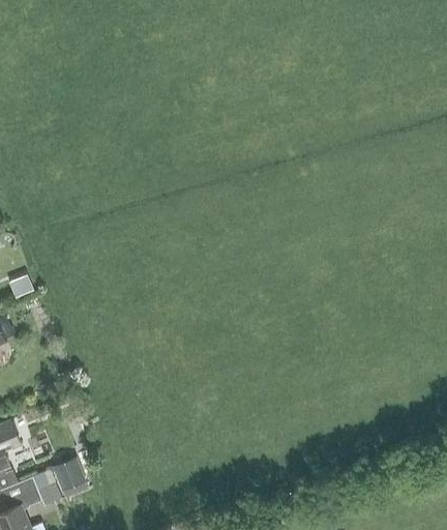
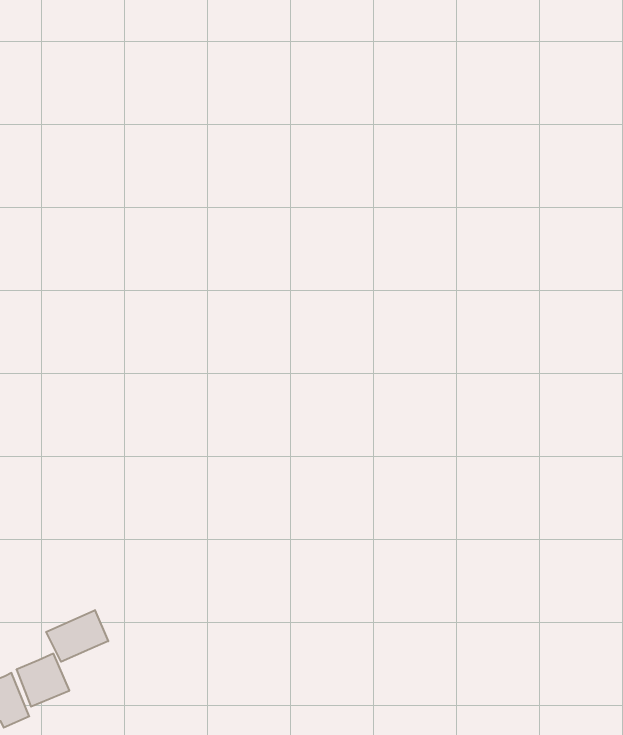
building: none -> [46,610,108,662]

